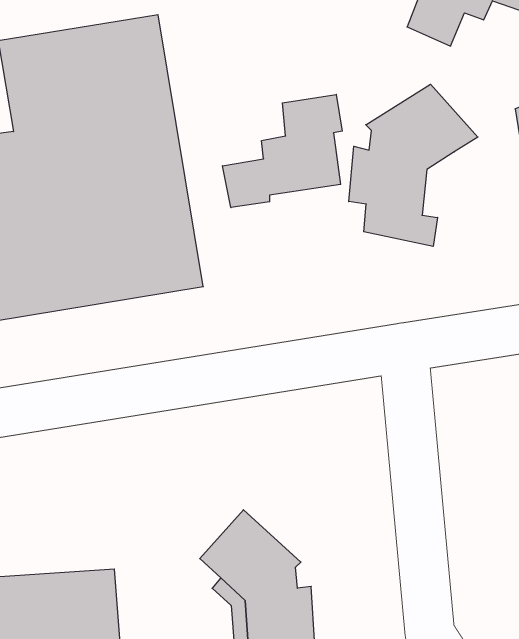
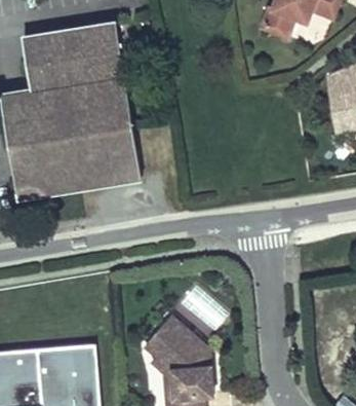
building: [349,84,478,246] -> none
building: [223,94,342,208] -> none

